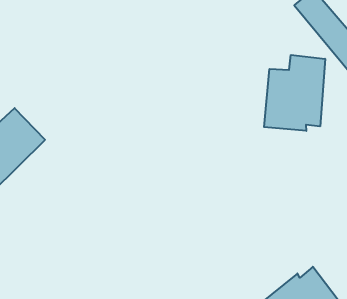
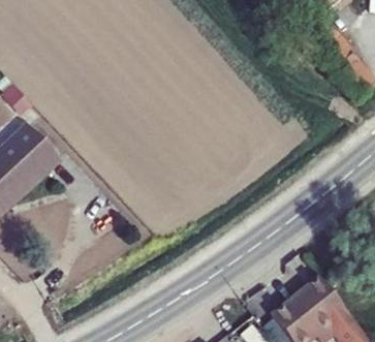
building: [264,55,325,131] -> none

